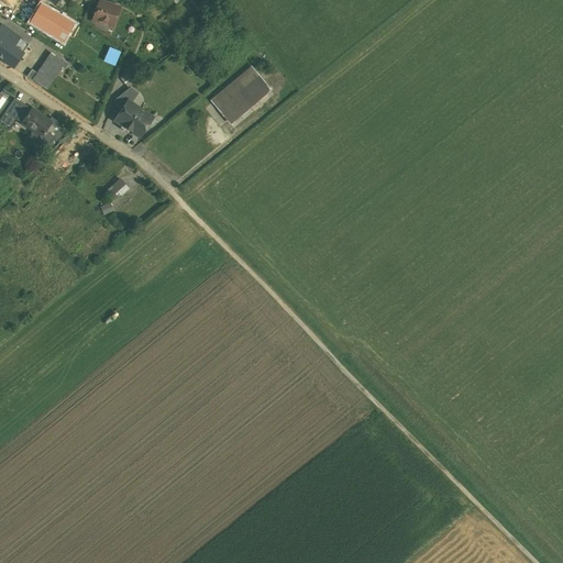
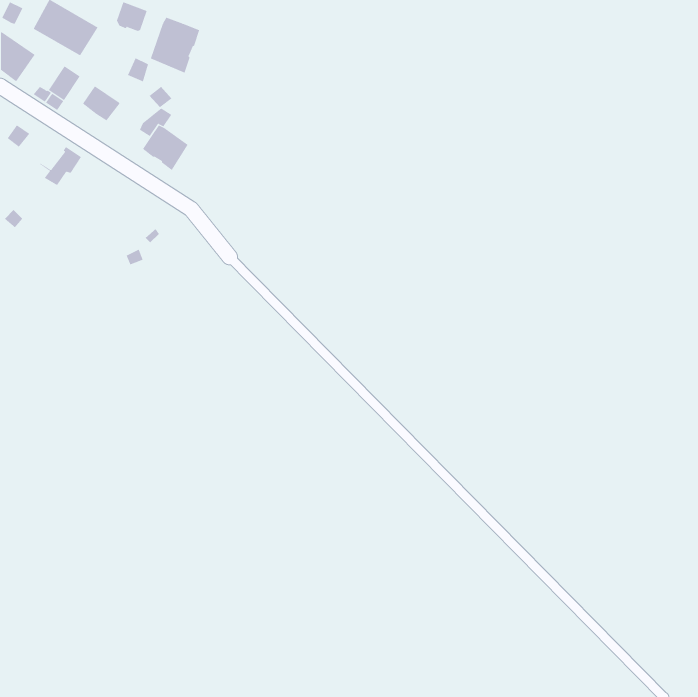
building: none -> [150,17,200,73]
building: [211,64,273,122] -> none
building: [21,108,52,136] -> [82,86,120,121]

